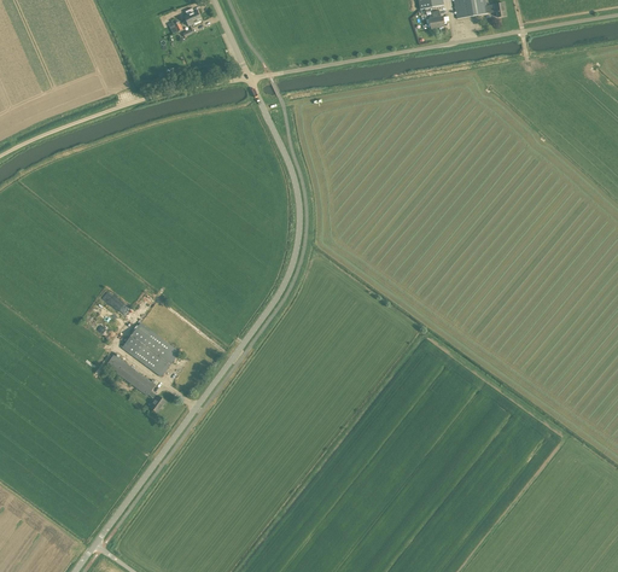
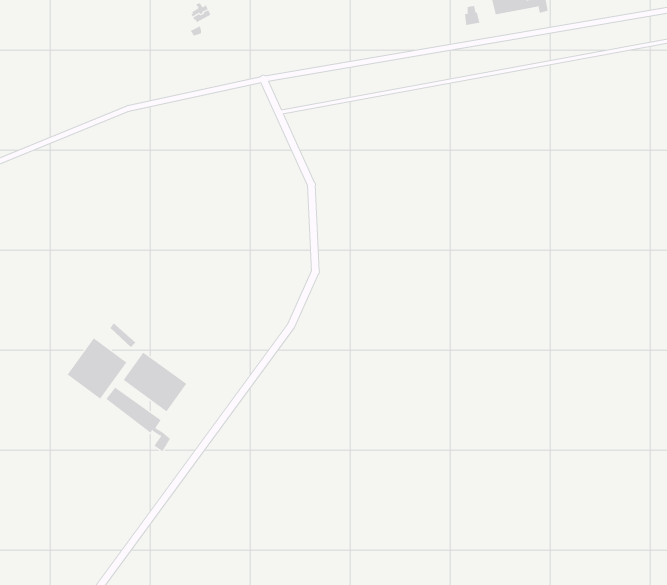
building: none -> [67,338,127,399]

